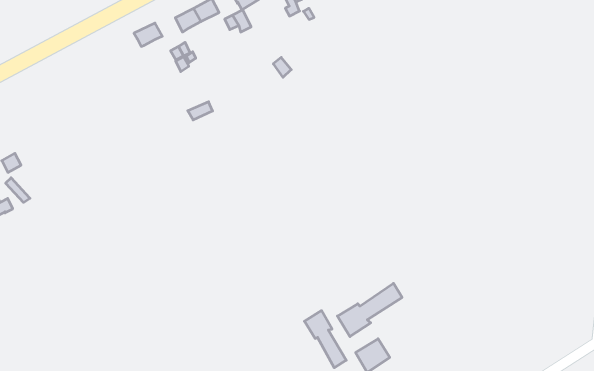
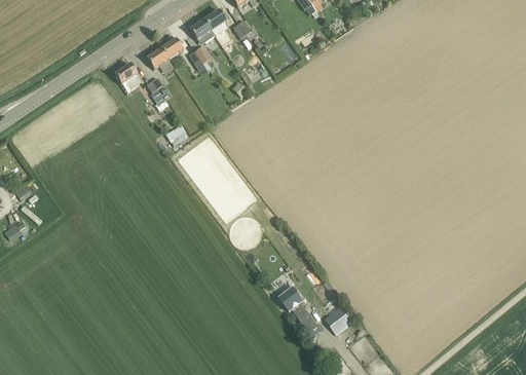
building: [337,283,402,337] -> none

